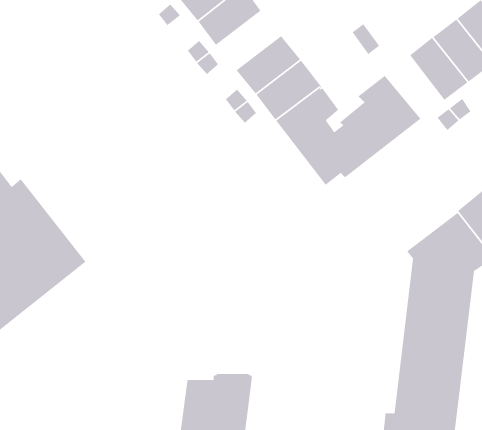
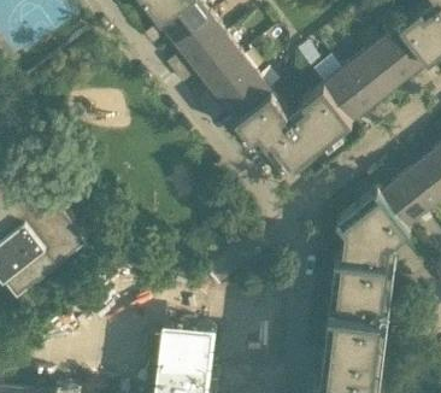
building: none -> [188,35,240,82]
building: none -> [322,70,369,121]

